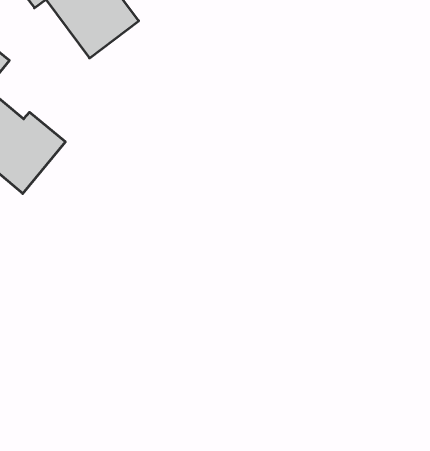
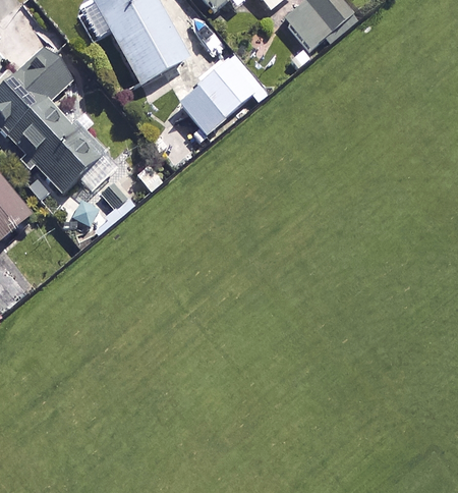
building: none -> [178,53,260,131]

